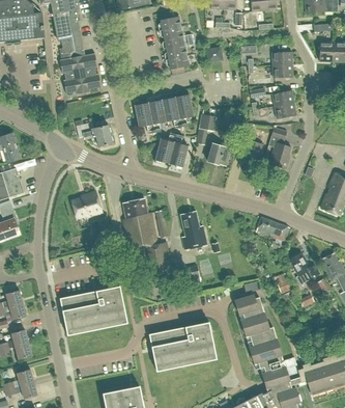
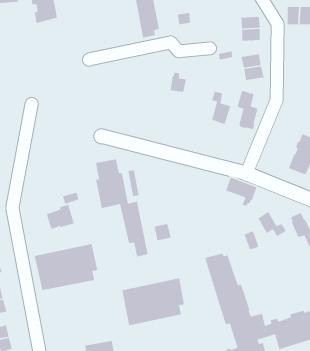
building: [60,53,102,93] -> none
building: [135,92,194,134] -> none
building: [75,119,113,146] -> none
building: [155,132,189,169] -> none
building: [207,135,232,165] -> none
building: [71,191,102,218] -> [46,204,75,230]
building: [180,211,206,250] -> none

